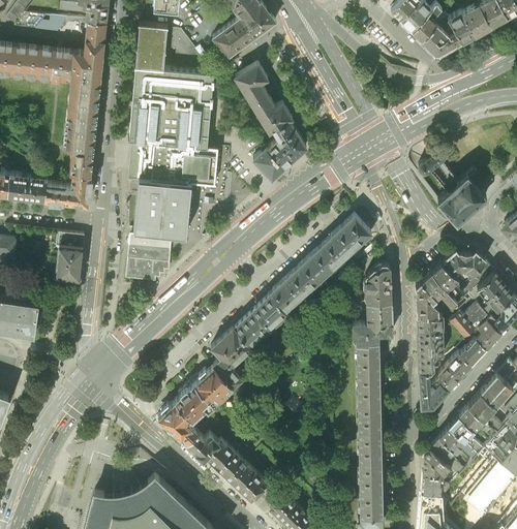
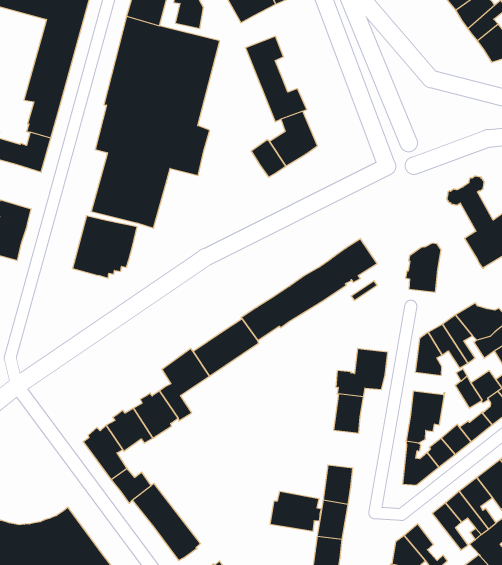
building: [366,264,392,305] -> [406,243,441,292]
building: [417,315,444,332] -> none
building: [359,373,379,403] -> none
building: [439,428,478,460] -> none
building: none -> [270,491,321,531]

